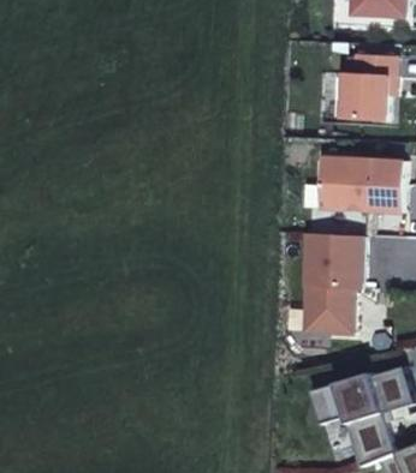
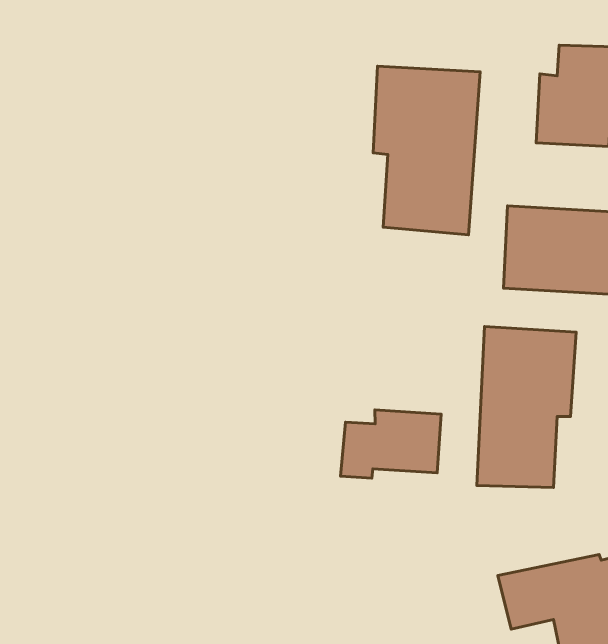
building: none -> [373,66,480,235]
building: none -> [341,410,441,478]

